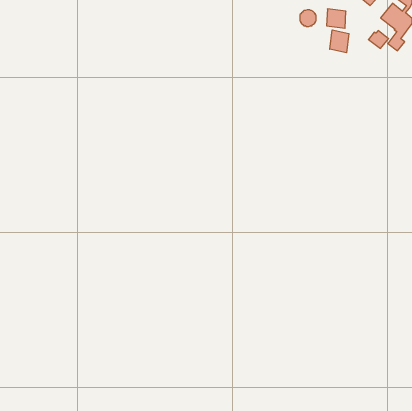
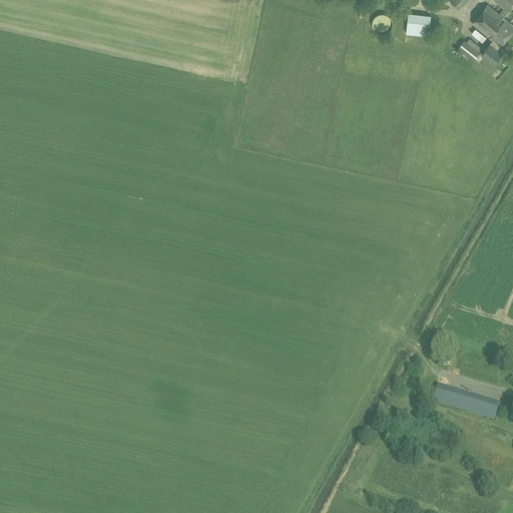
building: [330,30,349,53] -> none
building: none -> [434,385,499,419]

